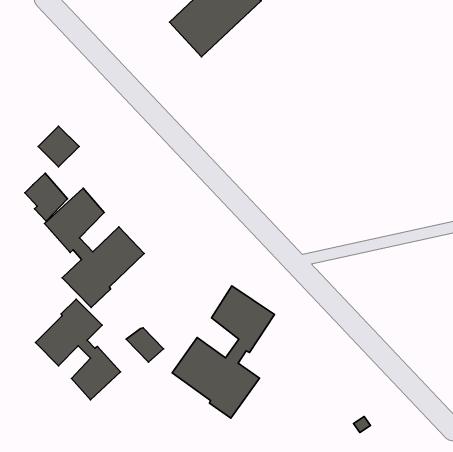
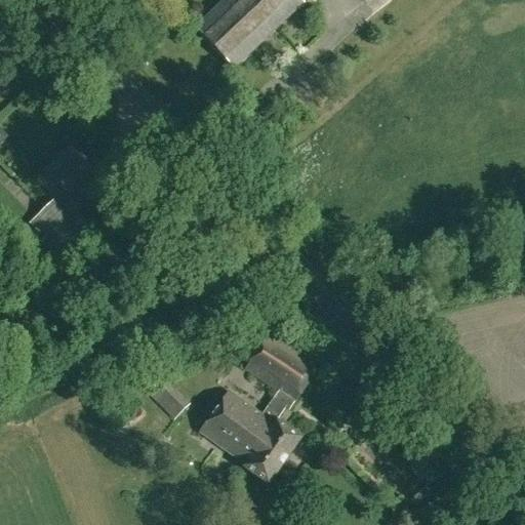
building: [45,188,144,308] -> none
building: [36,299,120,400] -> none

